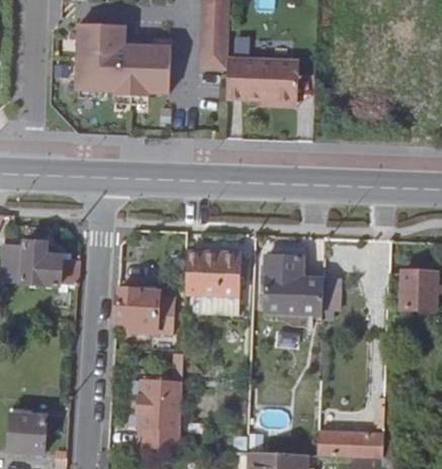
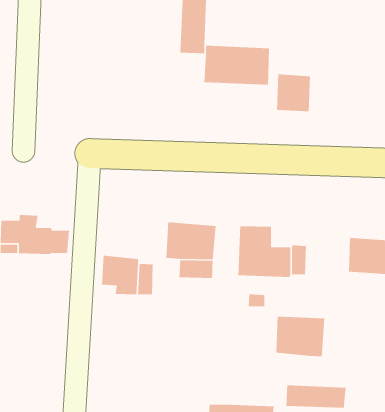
building: [77,22,172,95] -> none
building: none -> [276,73,311,112]
building: [135,353,183,450] -> none
building: none -> [275,316,325,357]
building: [11,412,52,453] -> none

